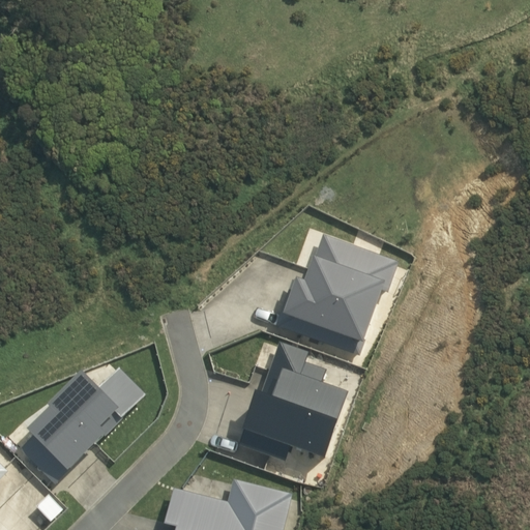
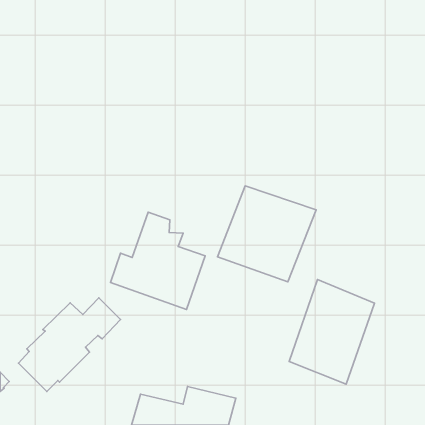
building: [228,338,345,459] -> [110,212,205,309]
building: none -> [289,280,375,384]

